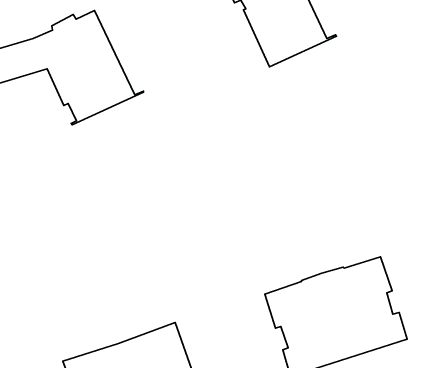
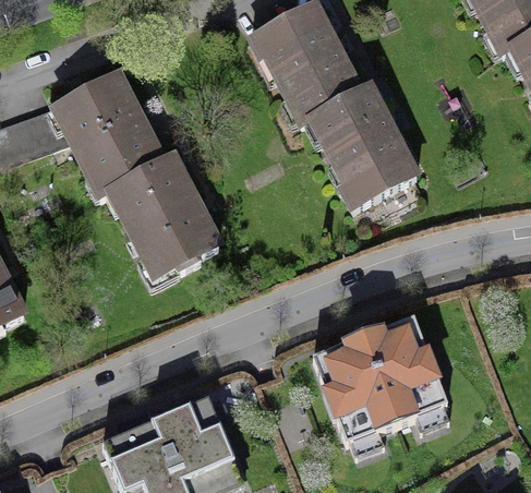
building: none -> [300,86,413,206]
building: none -> [98,156,217,276]

